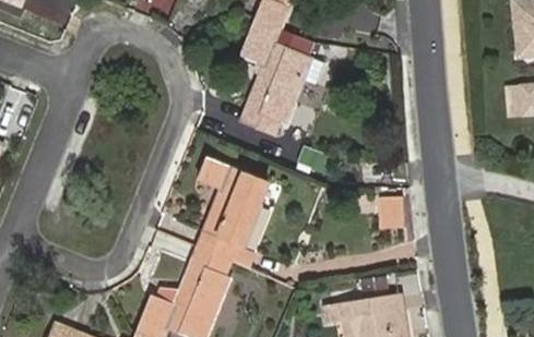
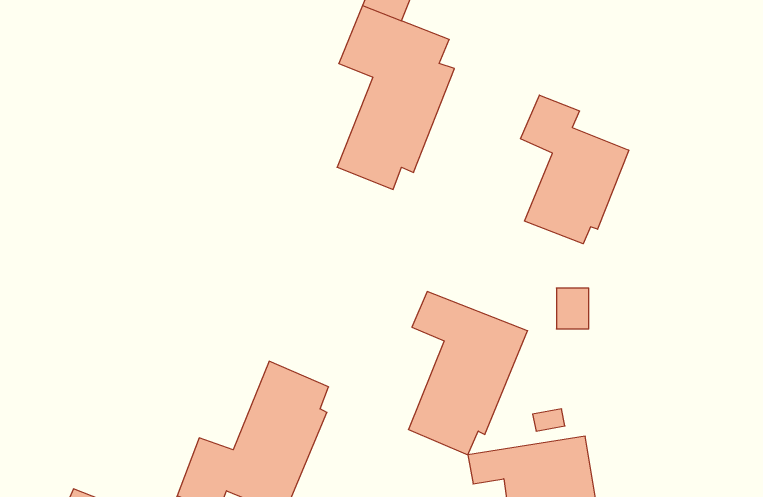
building: none -> [520,95,629,244]
building: [194,157,271,262] -> [408,292,528,455]

